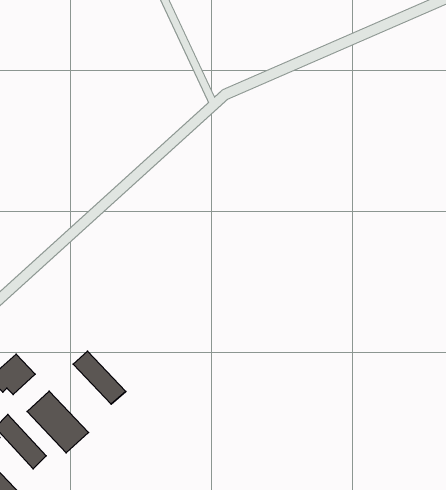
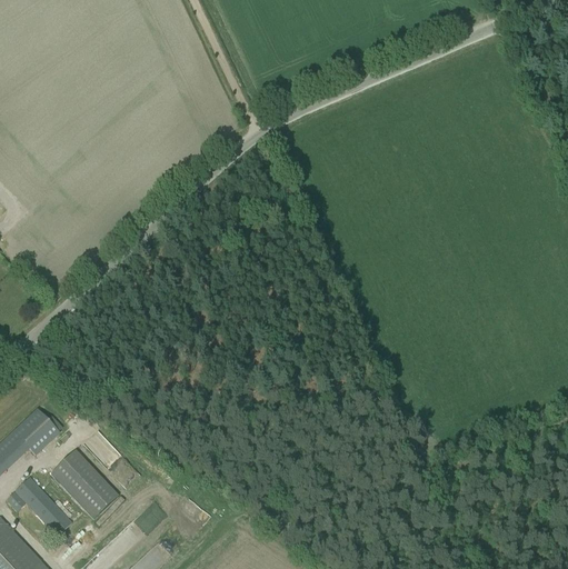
building: [73,351,126,404] -> none

